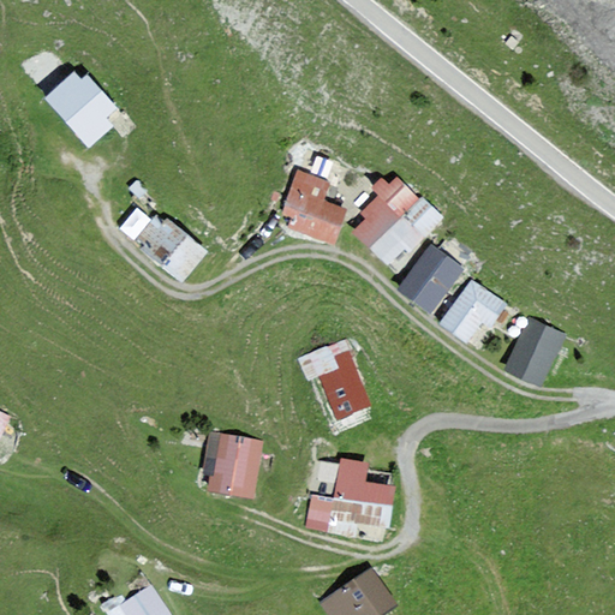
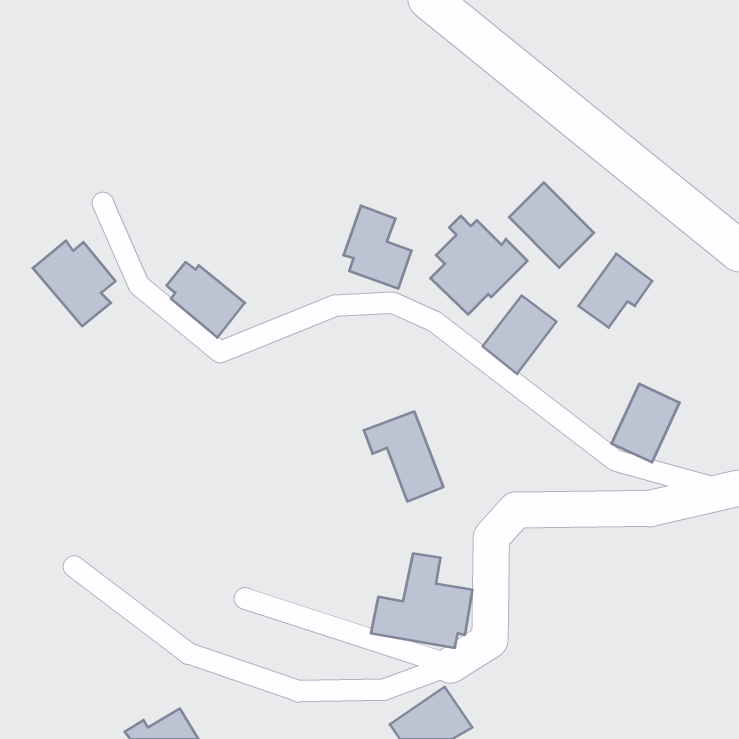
building: [46,74,114,145] -> [33,241,115,326]
building: none -> [509,183,594,268]
building: [441,279,502,340] -> [578,254,652,328]
building: [201,430,259,494] -> none

